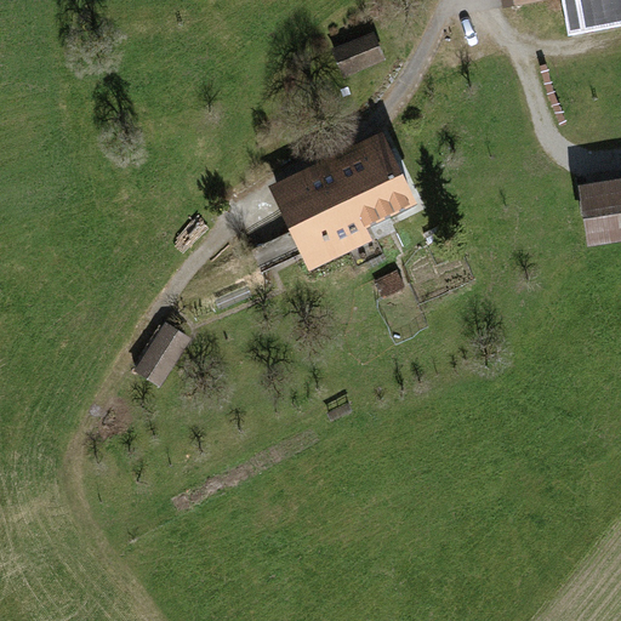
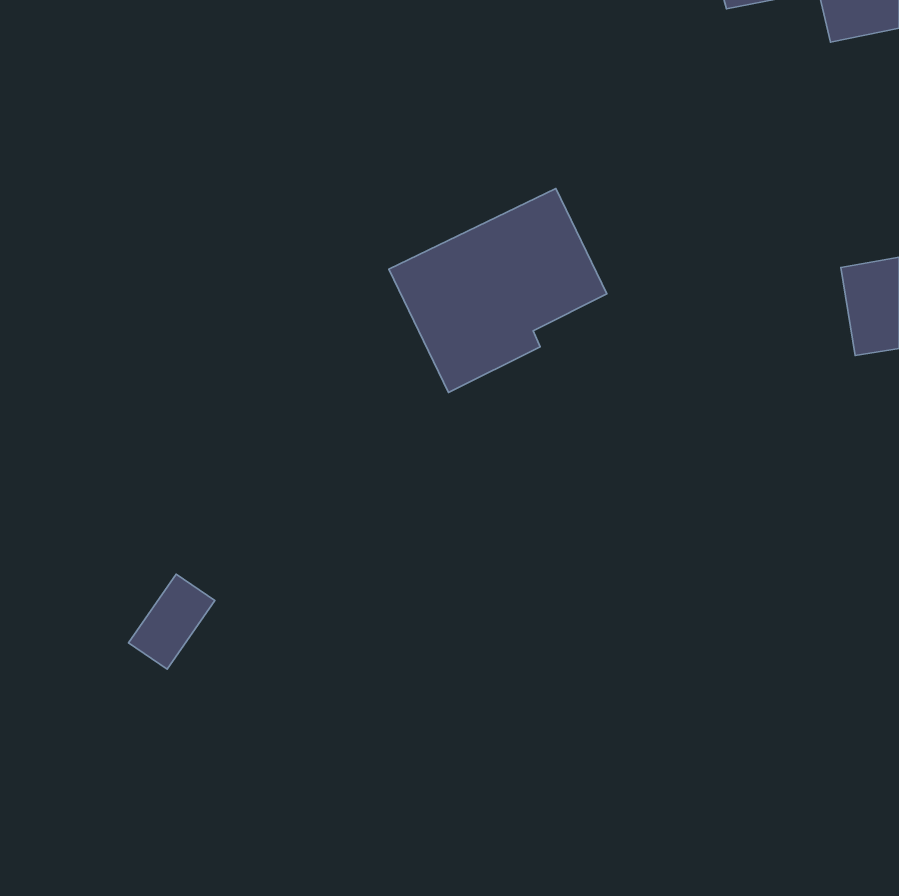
building: [332,29,387,76] -> none
building: [132,320,192,386] -> [129,574,215,669]

